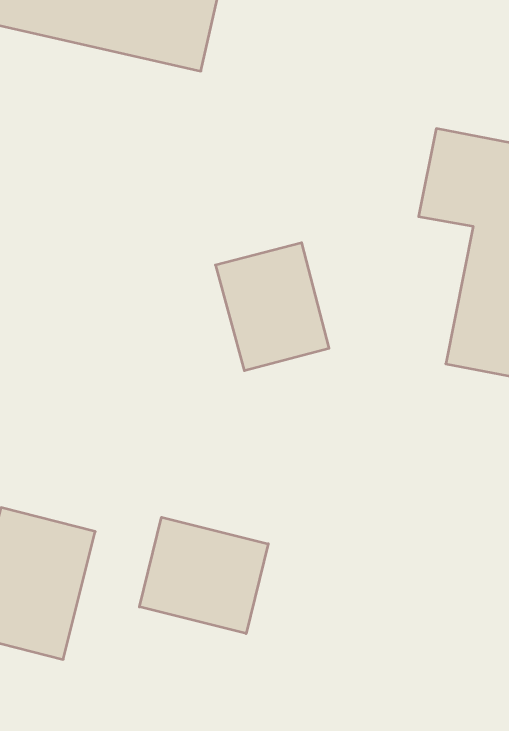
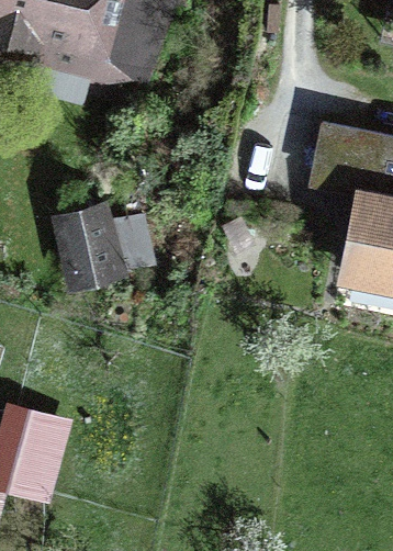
building: [215,243,329,371] -> [55,191,133,279]
building: [139,517,268,634] -> none

